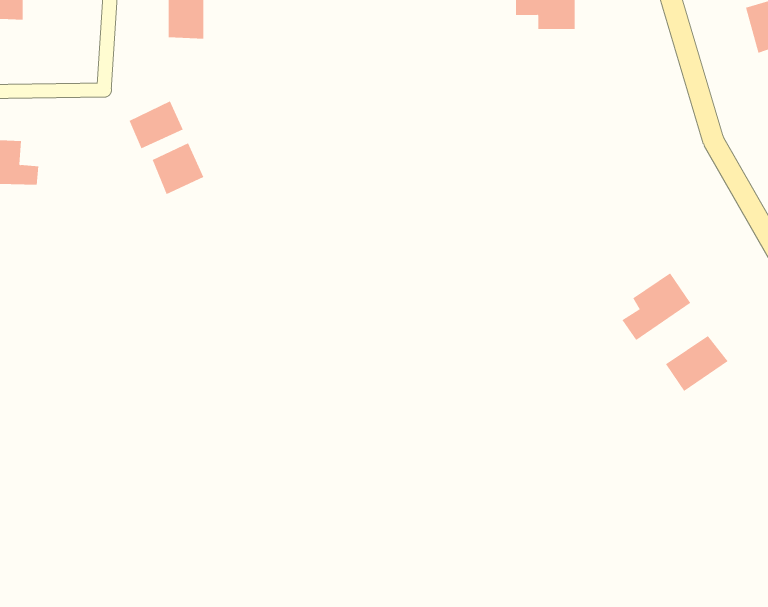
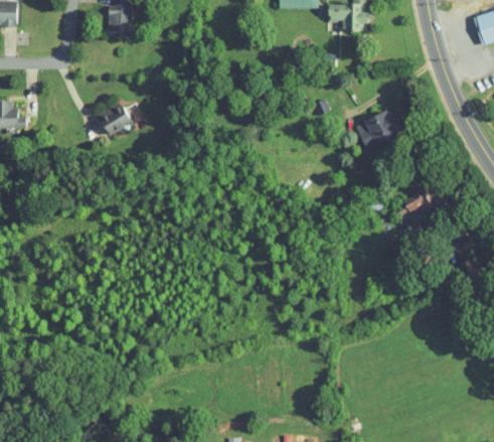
building: [129,100,184,149] -> none
building: none -> [355,112,399,151]
building: [665,335,728,392] -> none

